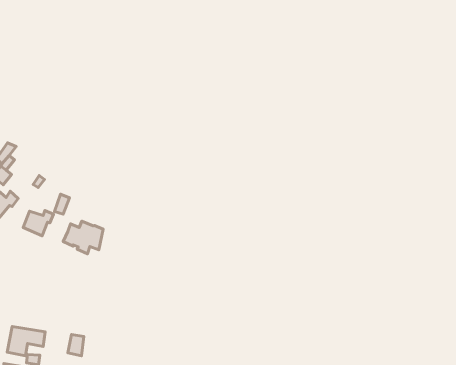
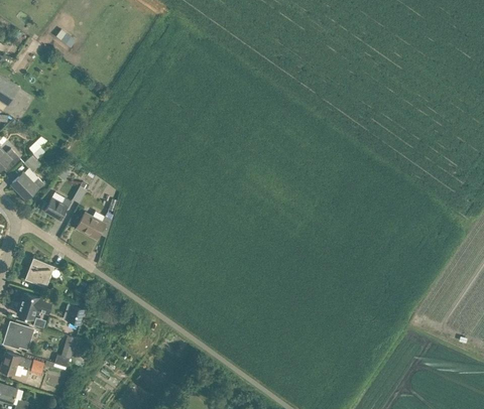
building: none -> [25,258,52,288]

